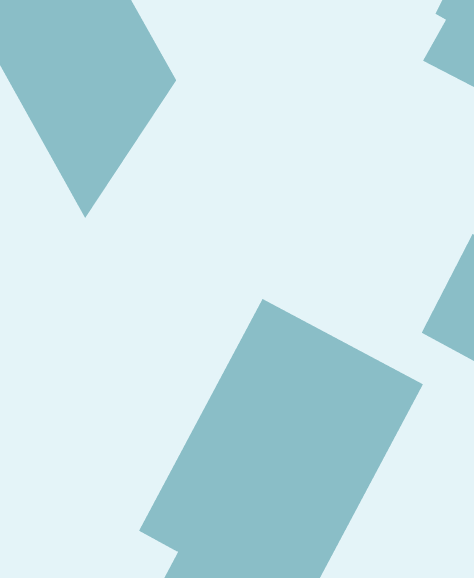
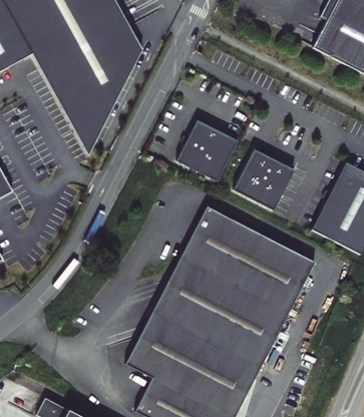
building: none -> [176,120,237,181]
building: none -> [233,149,294,211]

